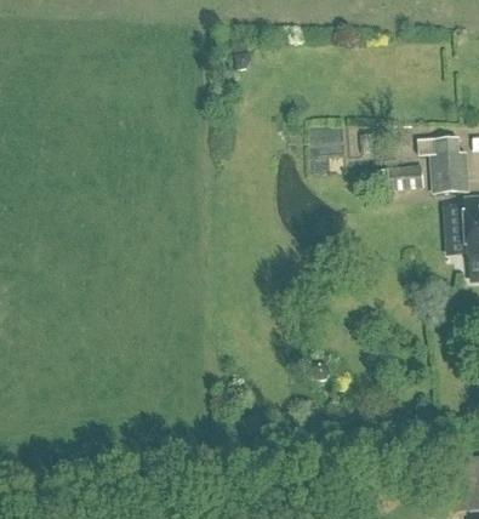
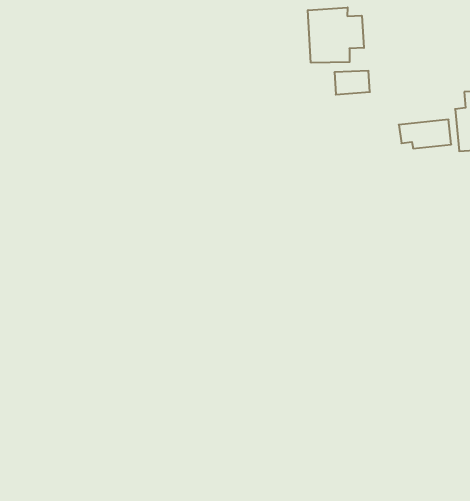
building: none -> [308,7,364,63]

